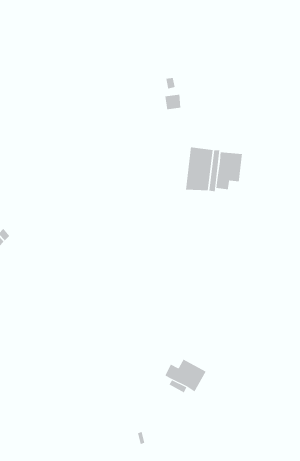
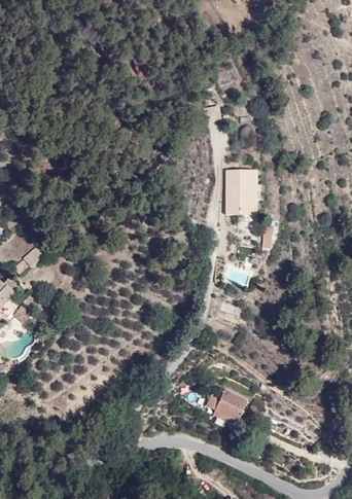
building: [216,152,242,190] -> none

